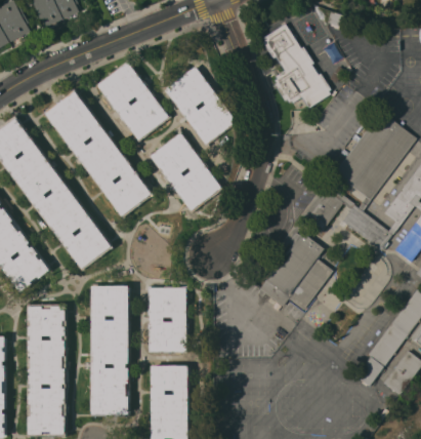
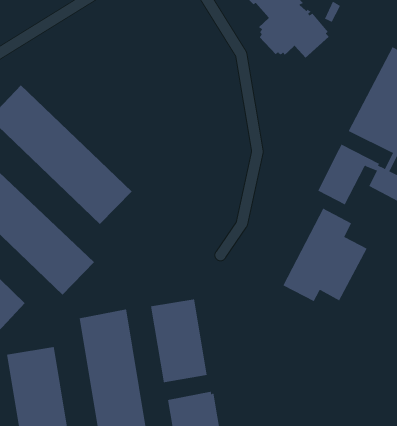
building: [97,62,169,141] -> none
building: [165,66,237,145] -> none
building: [150,132,221,211] -> none

